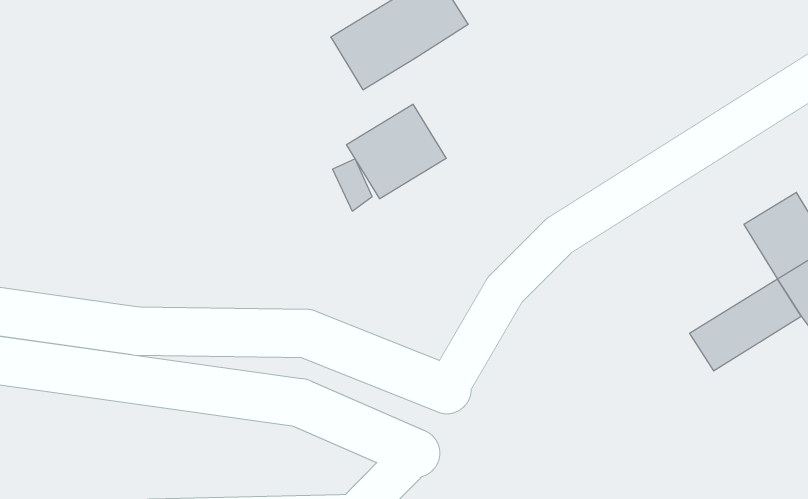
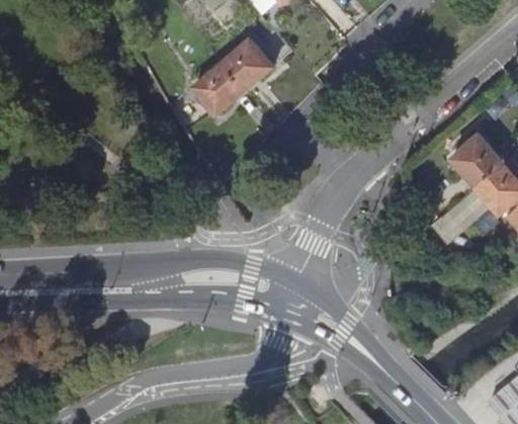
building: [347,104,446,199] -> none

